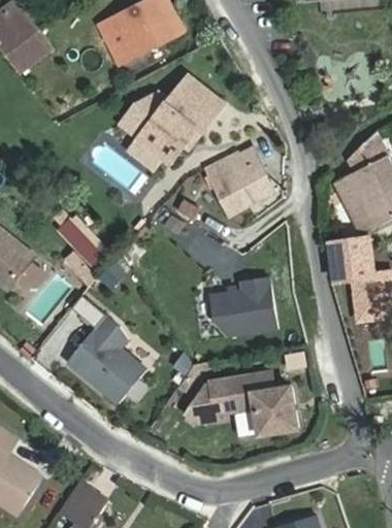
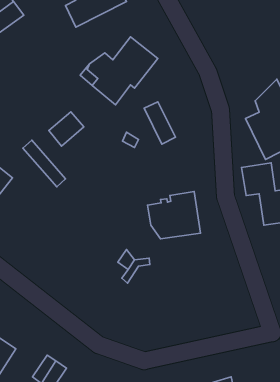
building: [222,156,271,205] -> none
building: none -> [49,112,84,146]
building: [65,312,144,403] -> none
building: [182,368,300,437] -> none

